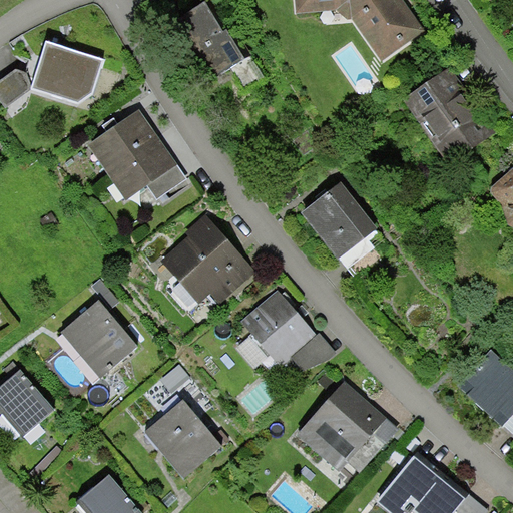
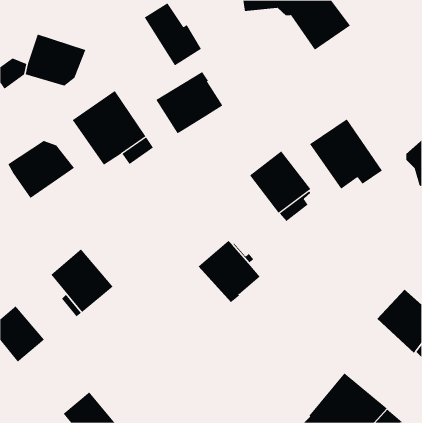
building: [403,69,492,155] -> [309,118,383,190]
building: none -> [156,71,223,134]
building: none -> [7,140,75,199]
building: [159,216,254,305] -> none
building: [290,333,336,372] -> none
building: [298,382,398,472] -> none
building: [147,400,217,471] -> none

